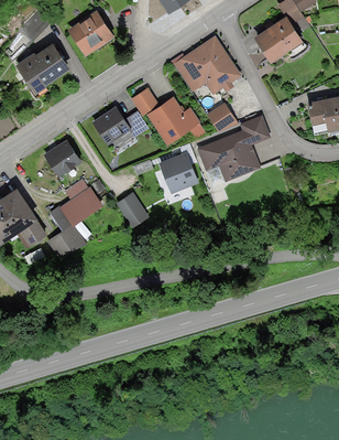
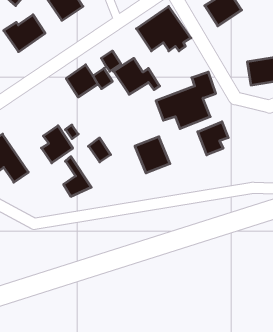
building: [206,103,236,133] -> none
building: [44,140,79,175] -> none
building: [156,148,198,191] -> [135,137,170,173]
building: none -> [198,122,228,155]
building: [50,208,83,256] -> [64,157,91,196]

